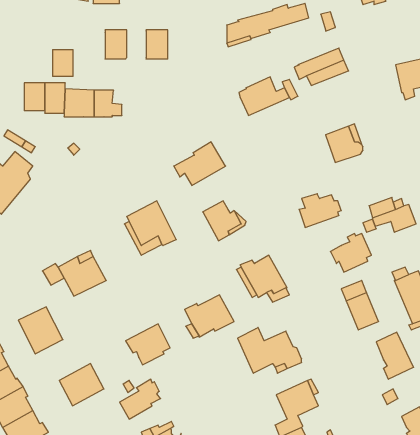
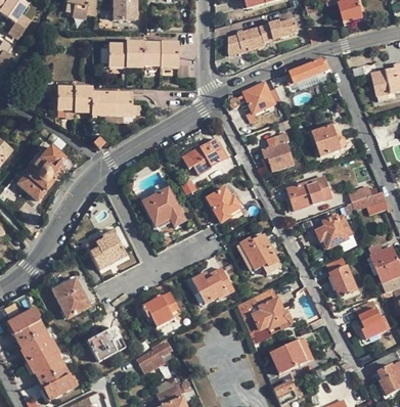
building: none -> [143,43,160,65]
building: [53,50,73,76] -> [107,44,125,66]
building: none -> [262,132,294,170]

